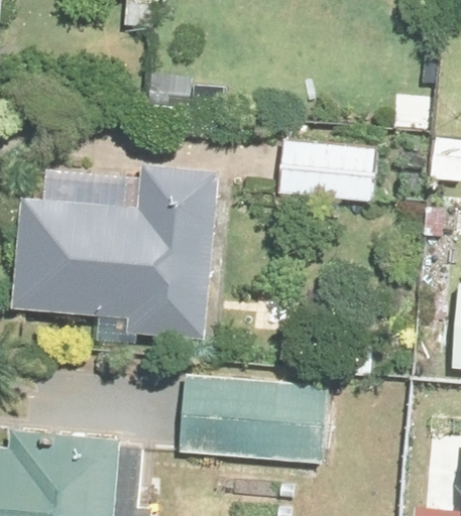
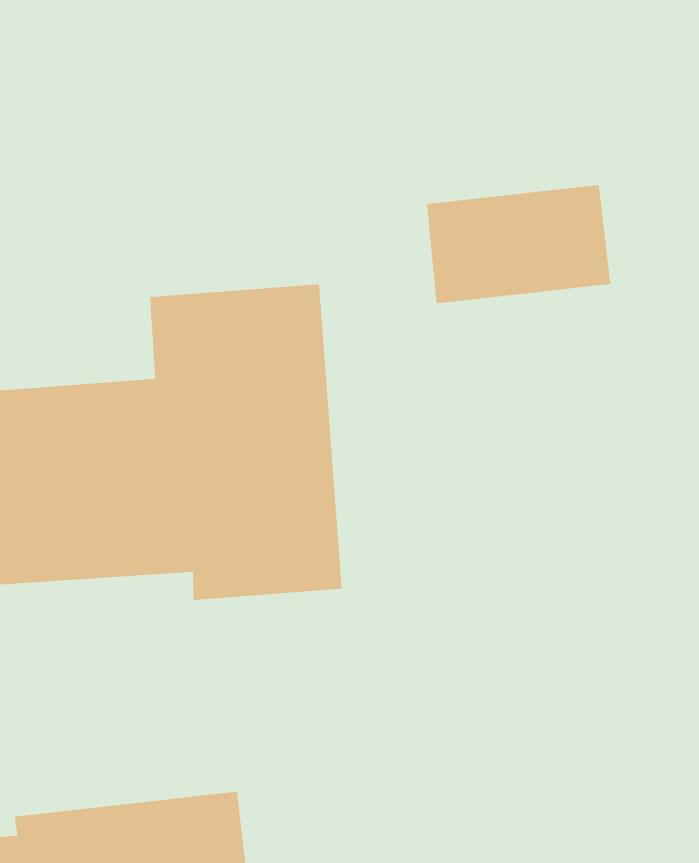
building: [180,379,328,462] -> none

